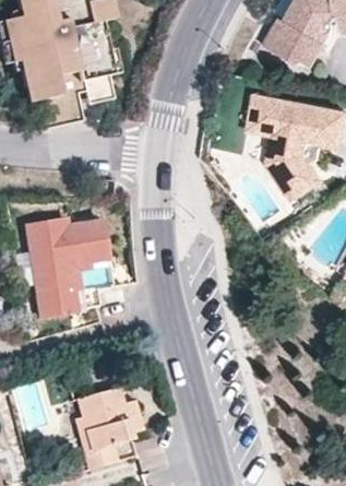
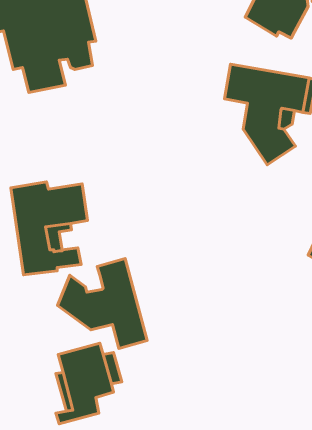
building: none -> [58,259,147,348]

